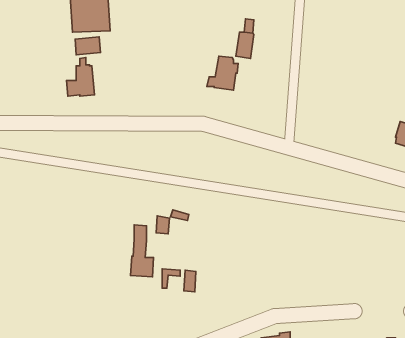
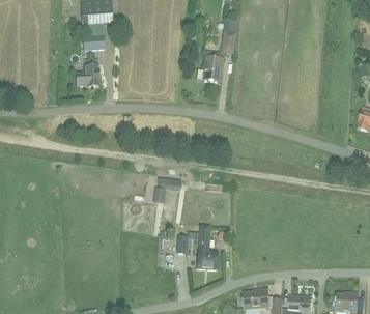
building: [131,225,154,277] -> [197,224,217,268]

